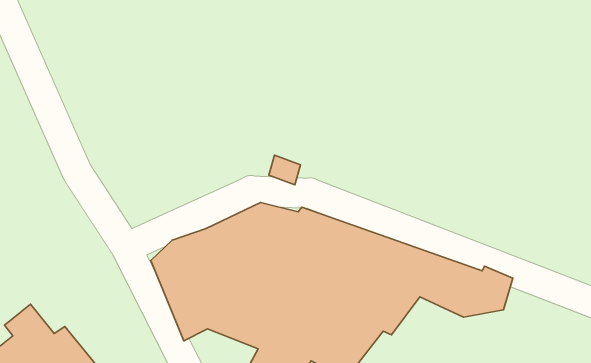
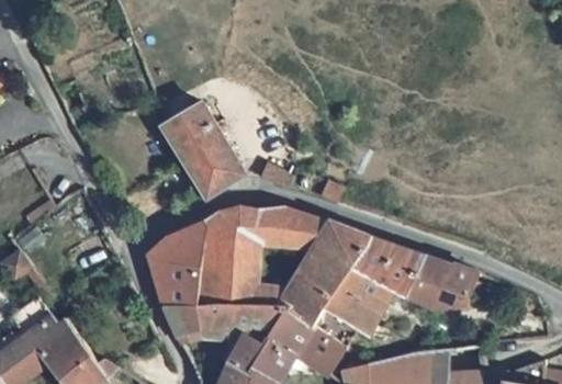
building: none -> [155,105,238,199]

